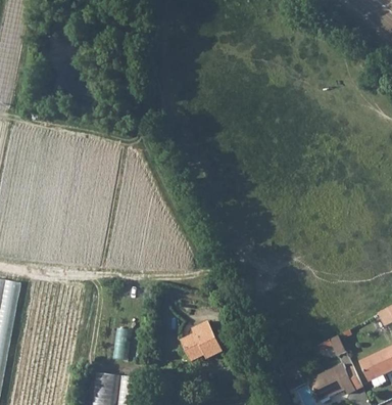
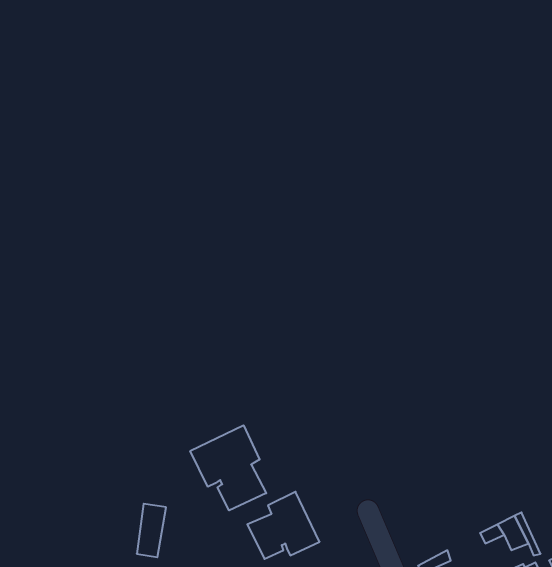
building: none -> [190,425,266,510]

